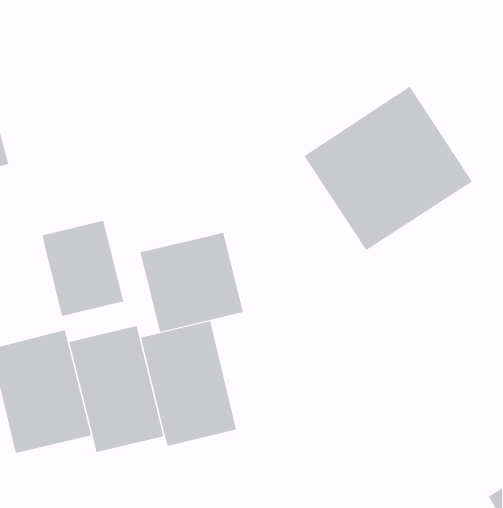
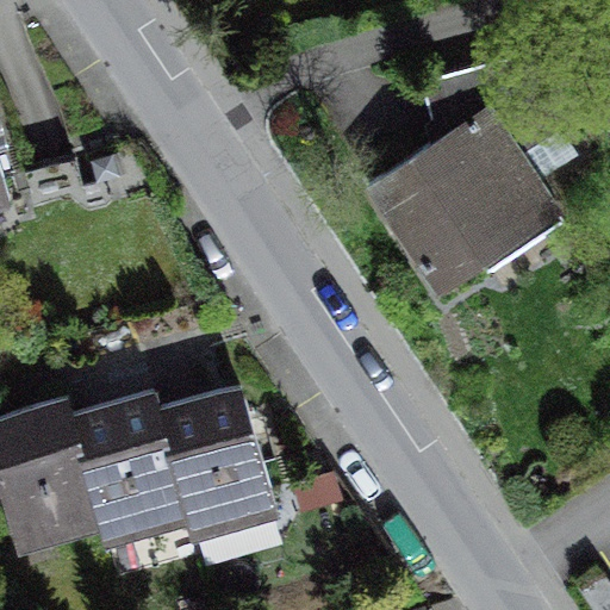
building: [42,220,124,317] -> none
building: [140,232,244,333] -> none

